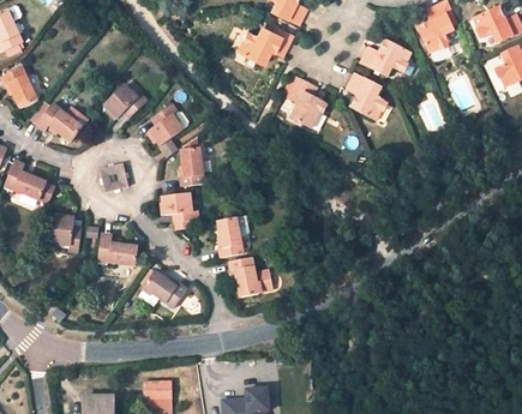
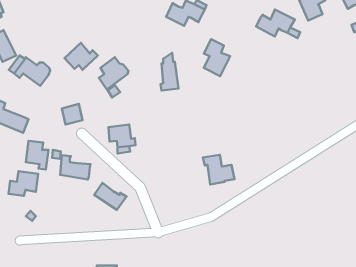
building: [346,73,385,121] -> none
building: [180,136,204,186] -> [160,53,178,90]
building: [218,217,242,258] -> none
building: none -> [9,171,38,196]
building: [229,258,271,298] -> [203,155,234,184]

